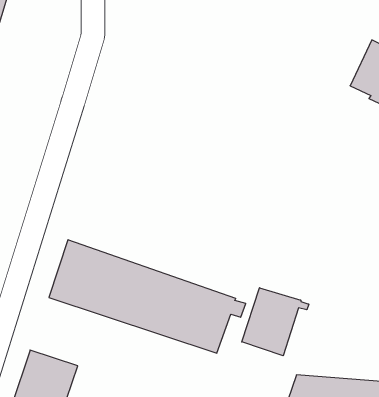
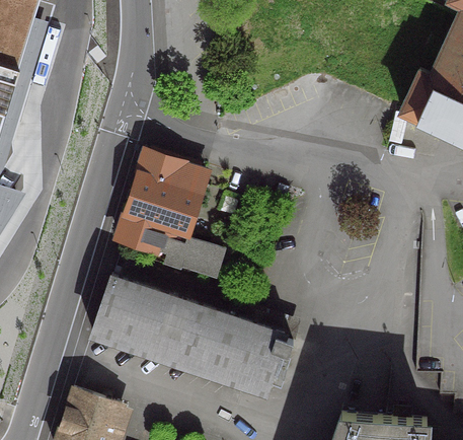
building: none -> [117,150,222,274]
building: [242,288,309,356] -> none

